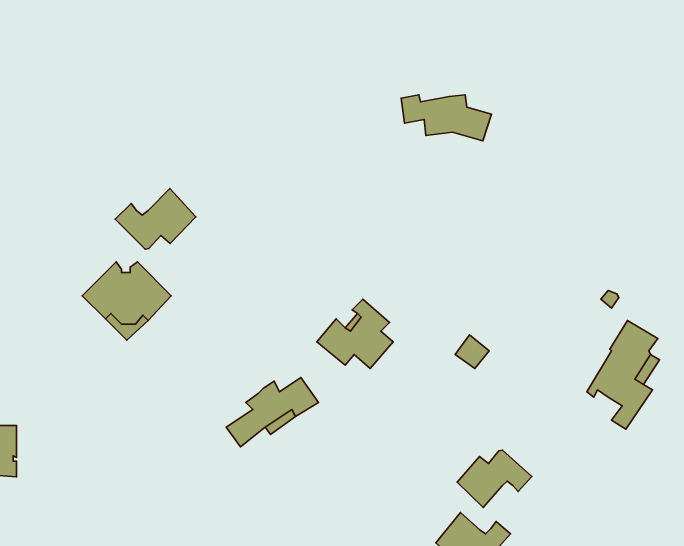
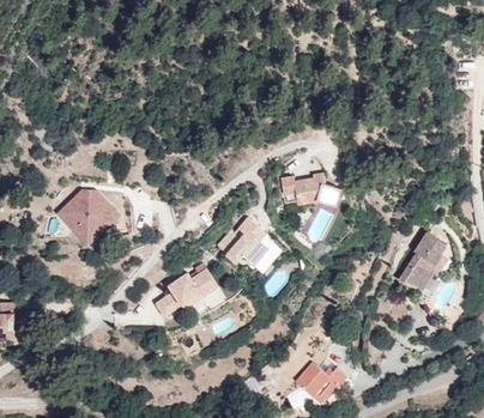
building: [401,95,492,141] -> [280,176,341,207]
building: [115,188,196,249] -> none
building: [457,450,532,507] -> none

